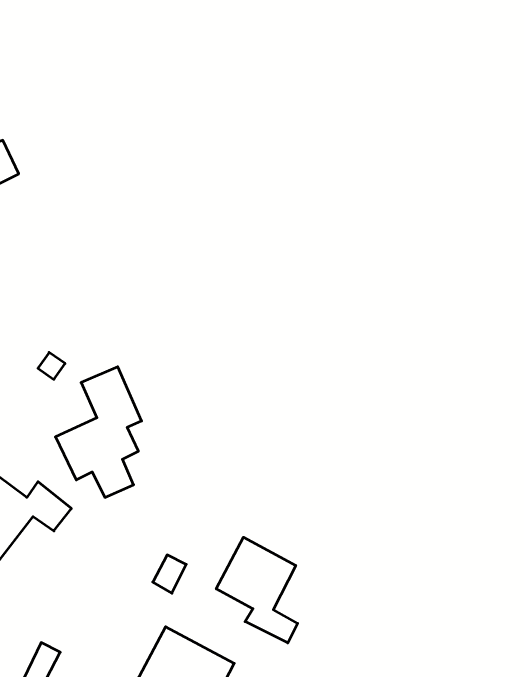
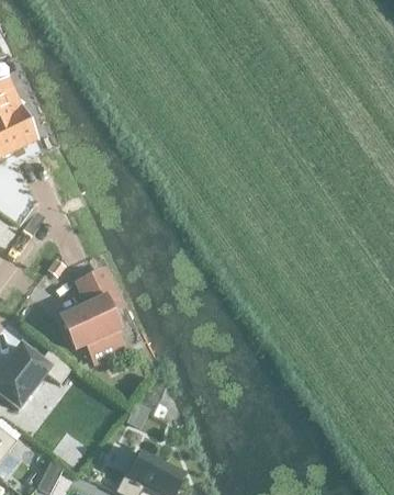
building: [216,537,298,643] -> none

